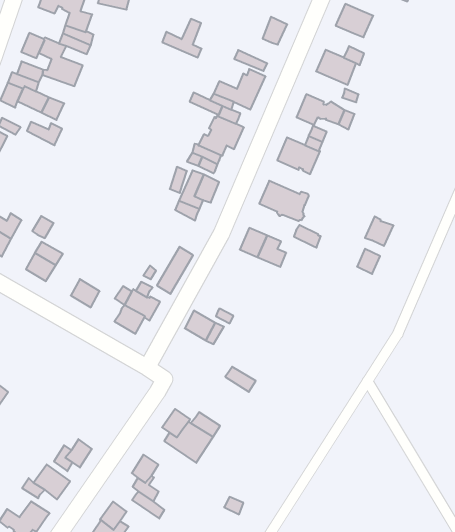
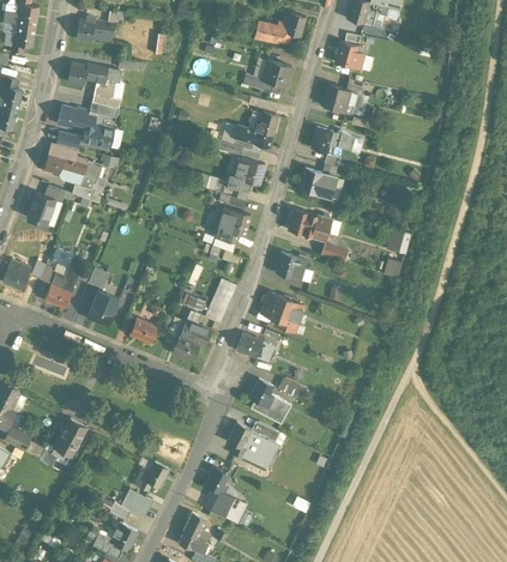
building: [162,19,202,58] -> [243,60,279,93]
building: none -> [260,292,304,331]
building: none -> [249,379,290,423]

